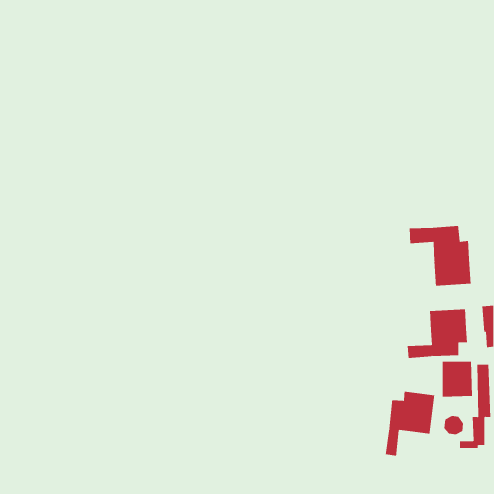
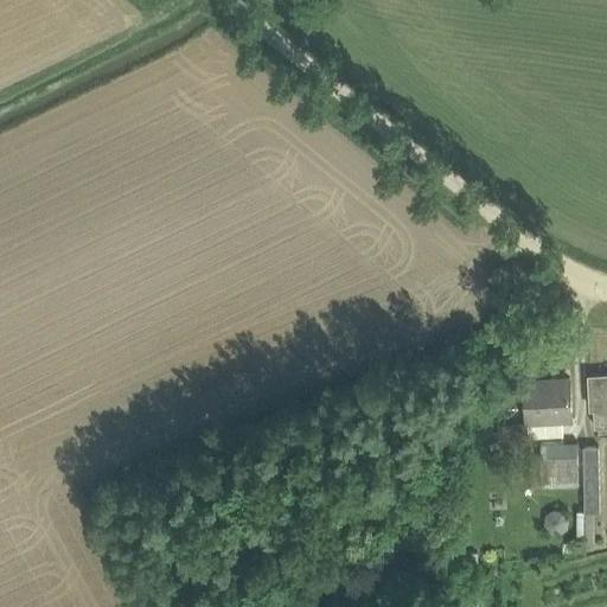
building: [409,225,471,286] -> none
building: [385,391,435,457] -> none

